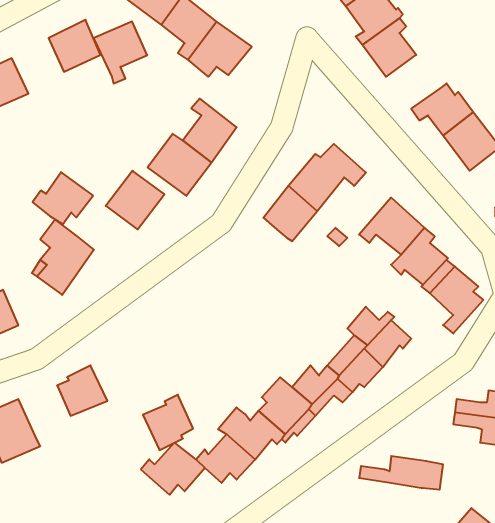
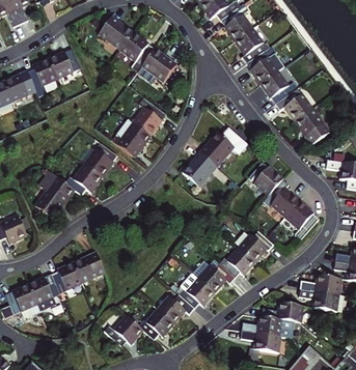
building: [94,21,147,84] -> [25,58,58,96]
building: none -> [257,68,296,102]
building: [33,172,93,224] -> [66,162,104,194]
building: none -> [30,273,62,310]
building: [143,395,193,450] -> [75,248,106,282]
building: none -> [261,303,302,322]
building: none -> [240,330,279,351]

